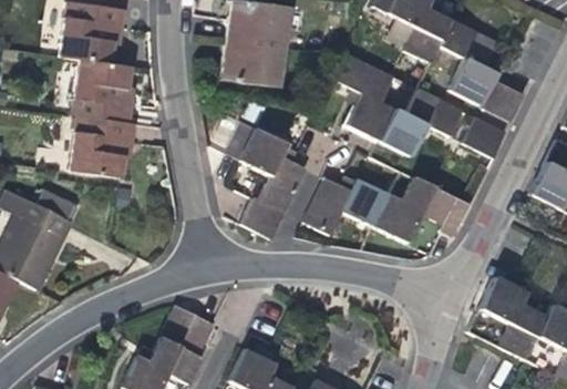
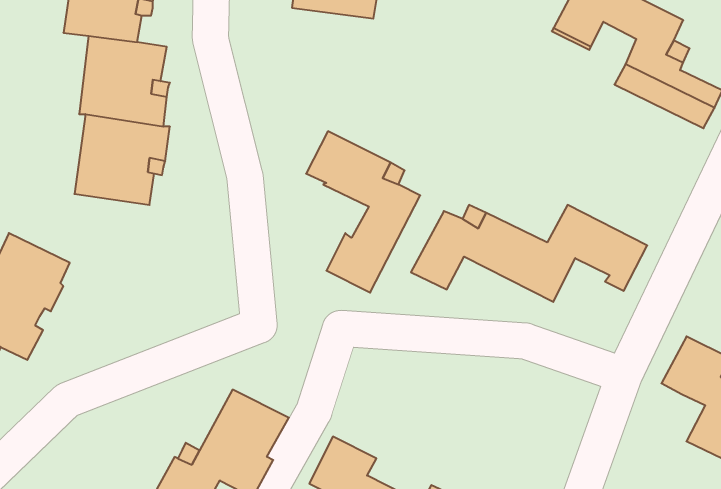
building: [216,37,279,86] -> none
building: [339,58,465,158] -> none
building: [465,117,508,158] -> none

